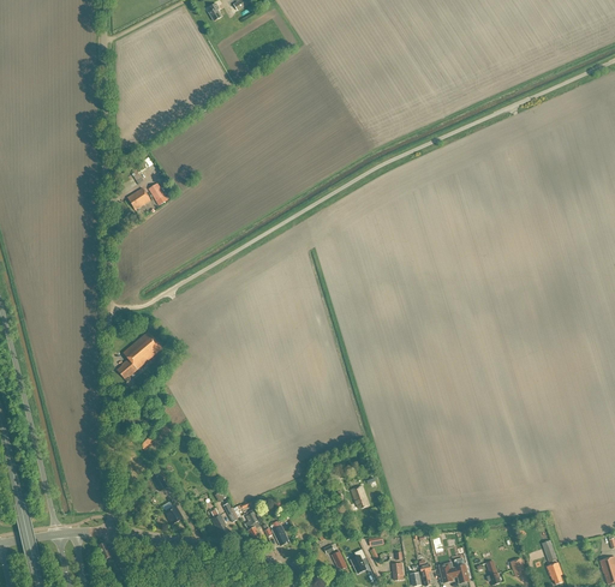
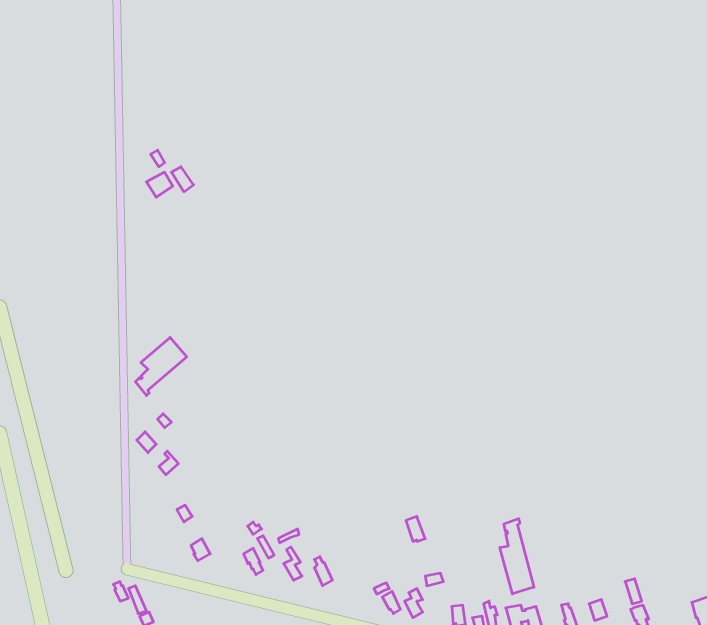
building: none -> [500,519,534,594]

